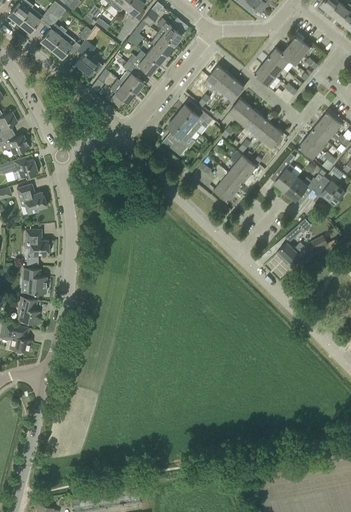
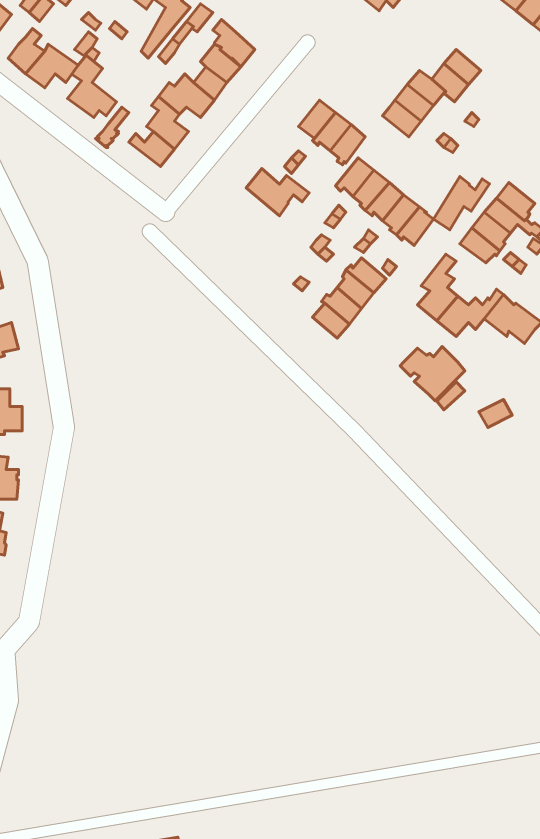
building: none -> [433,177,489,230]
building: [163,115,195,155] -> none
building: [276,242,313,273] -> [400,346,465,401]

